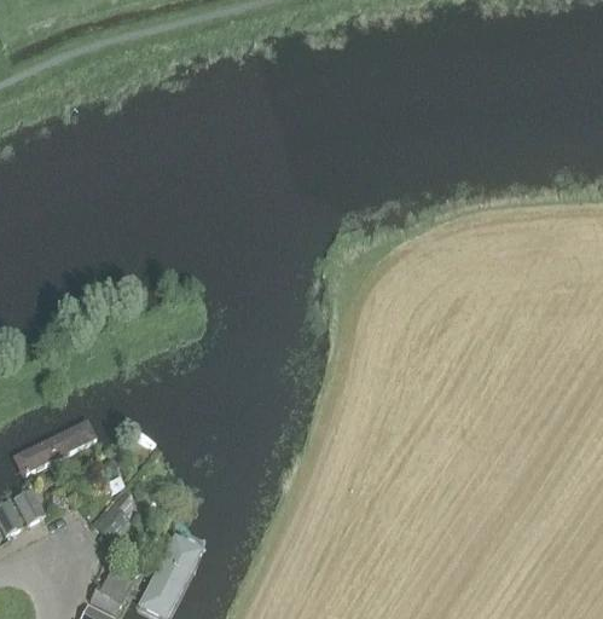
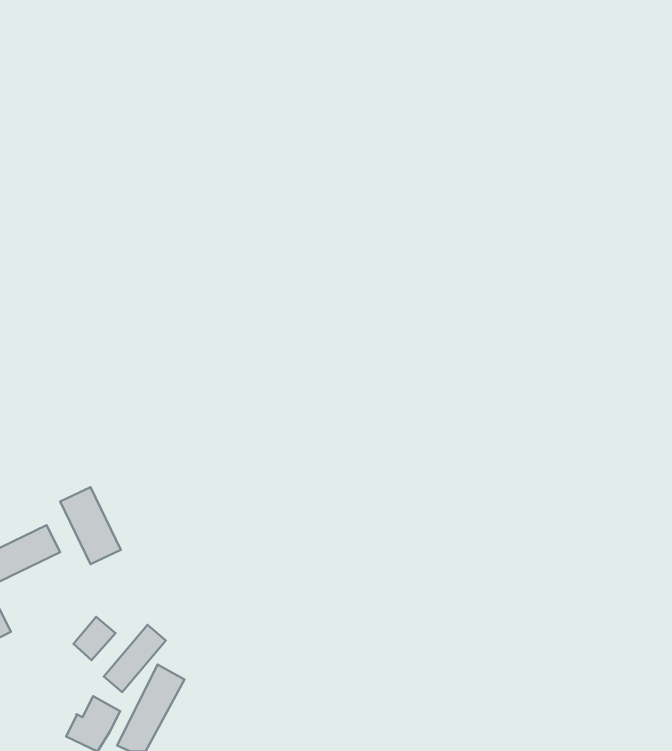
building: none -> [60,487,121,564]
building: none -> [104,625,166,692]

